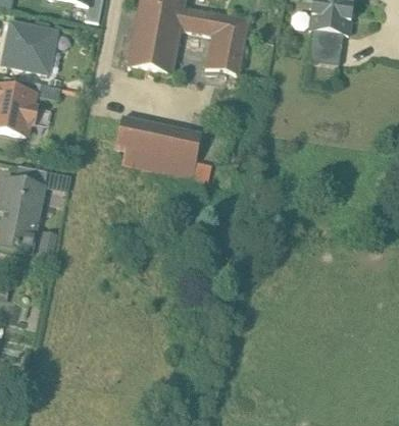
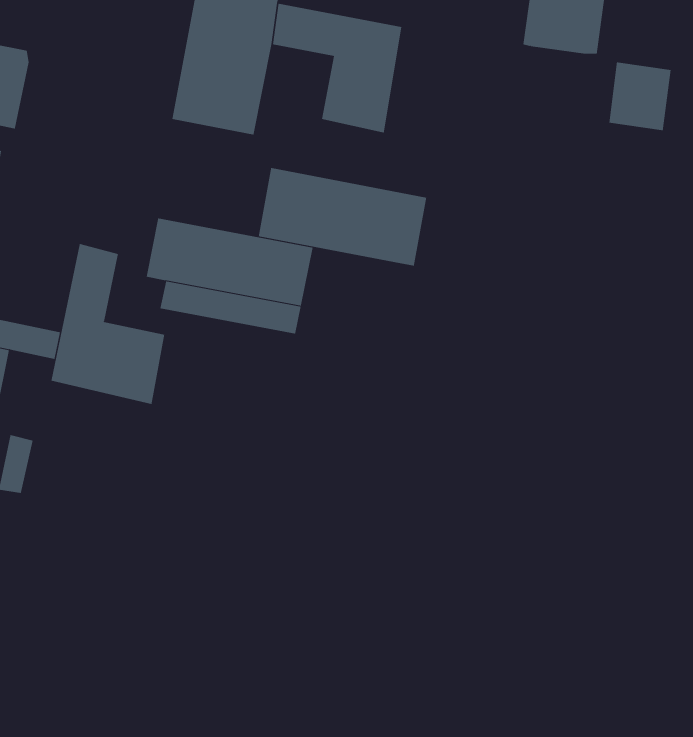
building: [309,29,342,64] -> [608,62,672,131]
building: none -> [258,167,427,266]
building: none -> [51,243,165,405]

